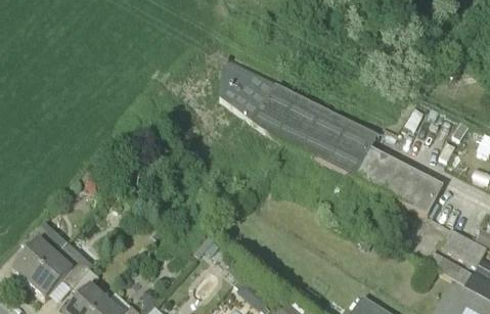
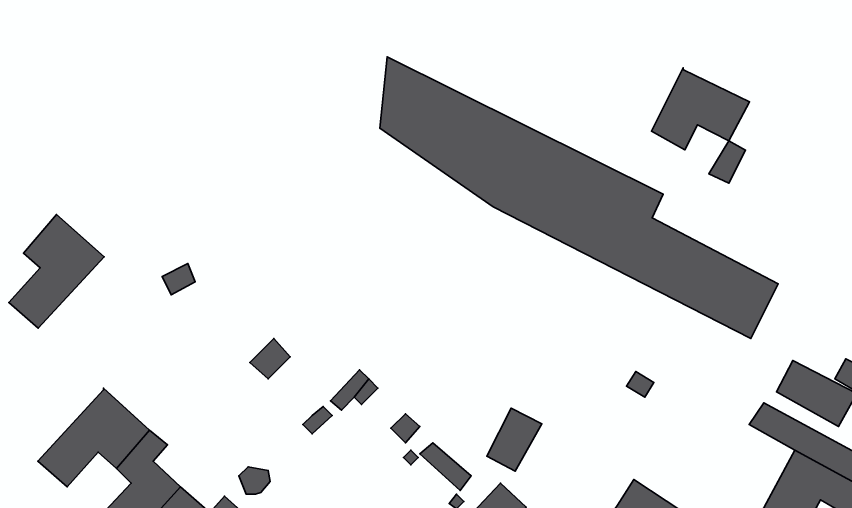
building: none -> [652,68,749,150]
building: [12,221,65,284] -> [9,215,104,328]
building: none -> [487,408,542,471]

